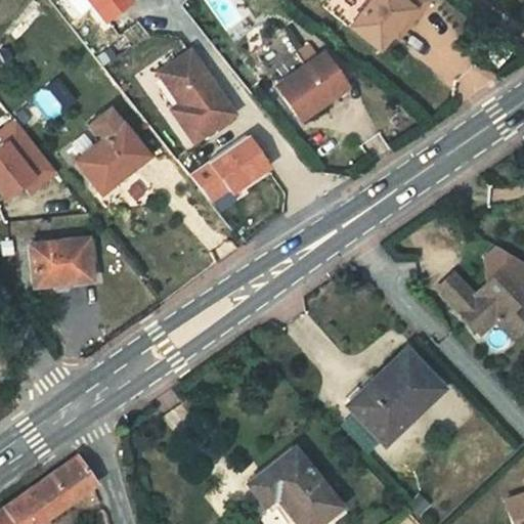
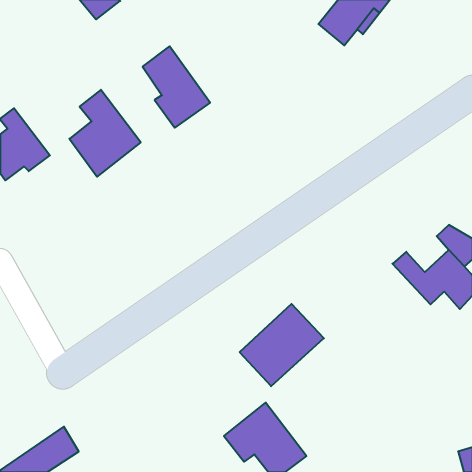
building: [279,52,351,120] -> none
building: [193,137,271,203] -> none
building: [28,237,94,289] -> none
building: [348,349,441,440] -> [240,304,324,386]

